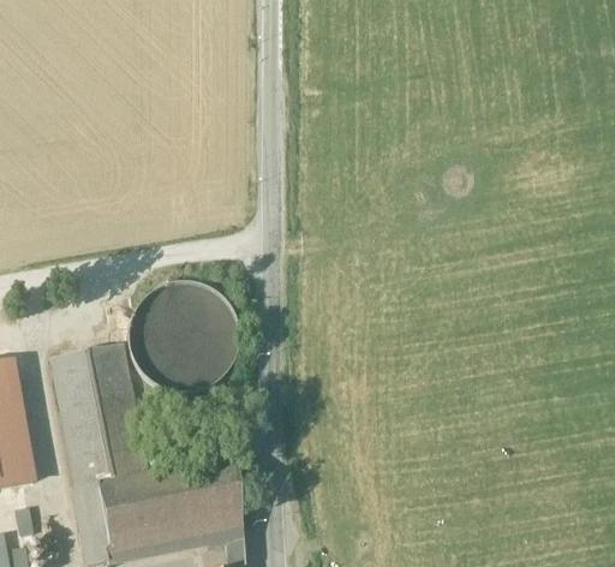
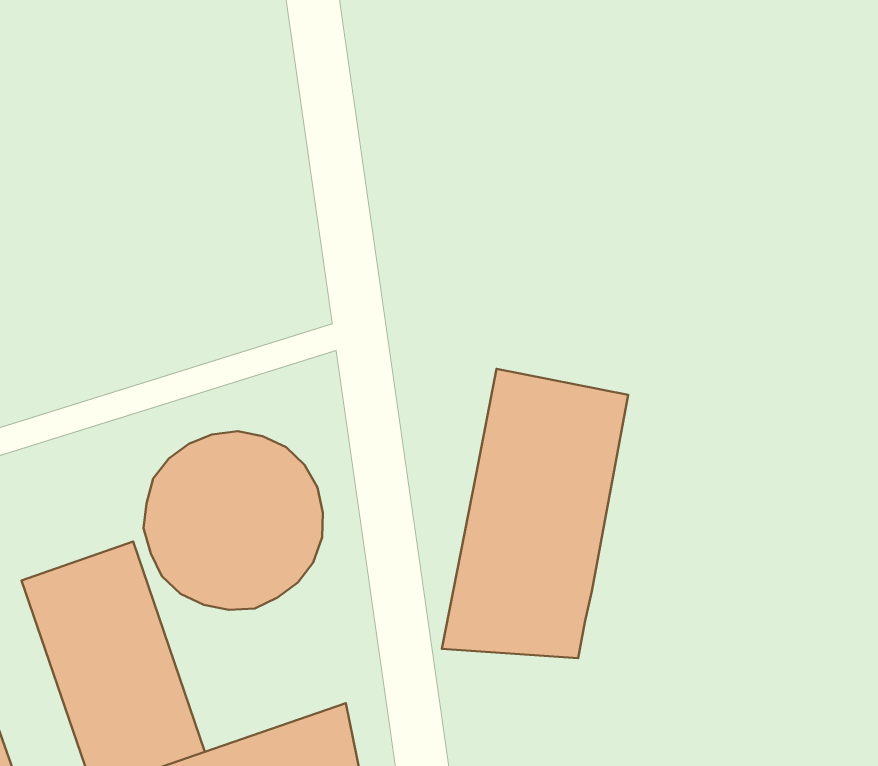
building: none -> [442,369,628,658]

